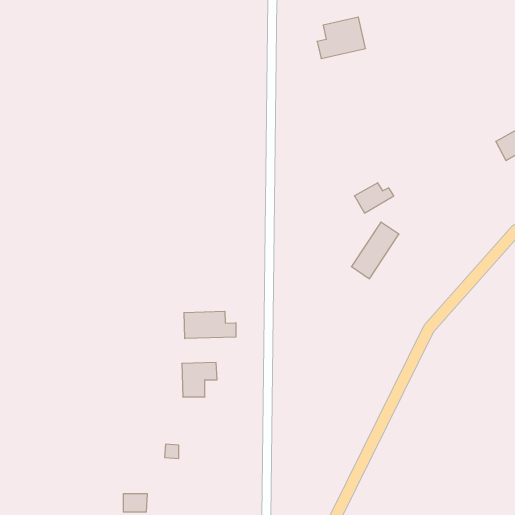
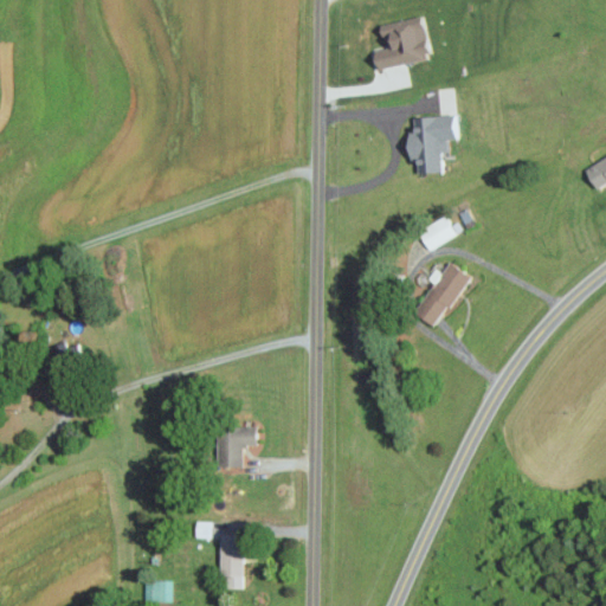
building: none -> [405,115,458,173]
building: [184,311,236,339] -> none
building: none -> [220,534,244,589]

